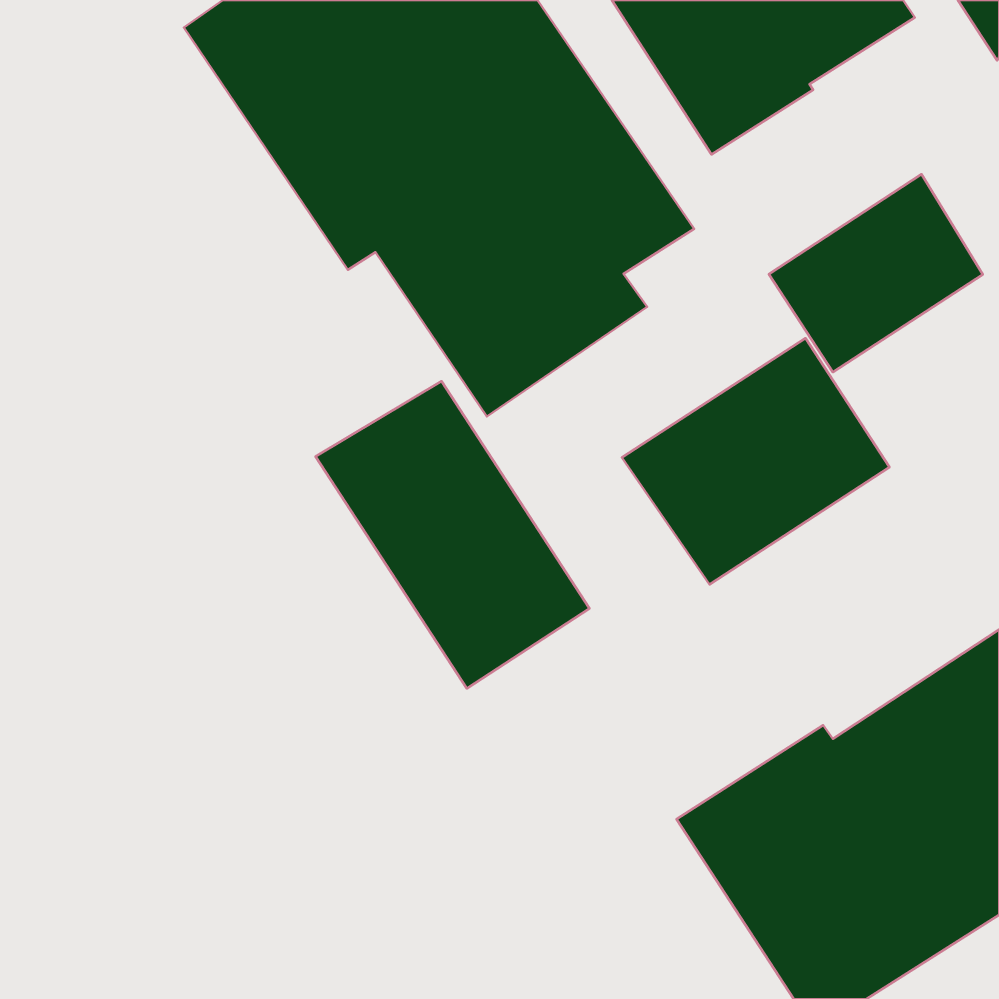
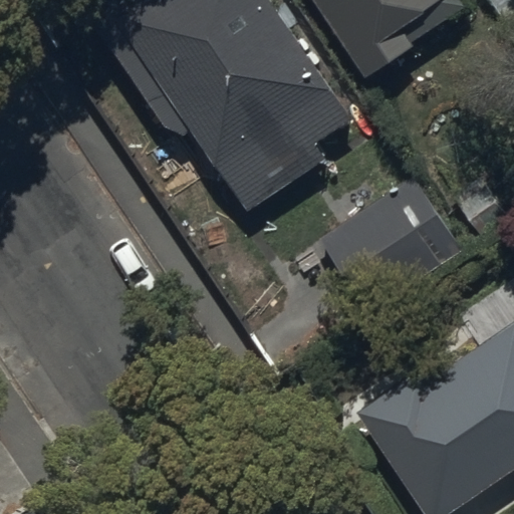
building: [769,174,983,372] -> none
building: [315,381,589,688] -> none

